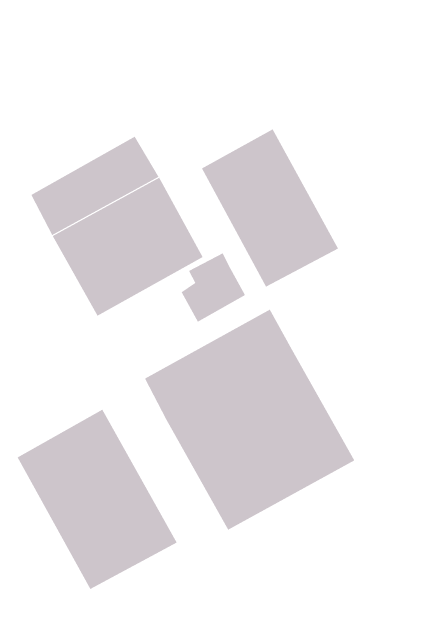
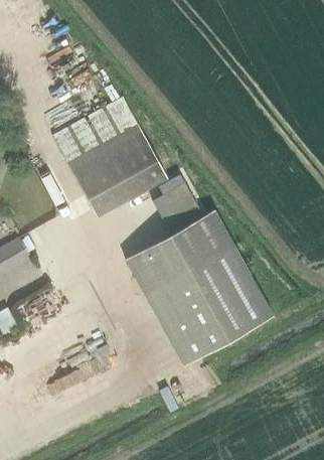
building: [201,128,339,287] -> none
building: [17,409,177,590] -> none

